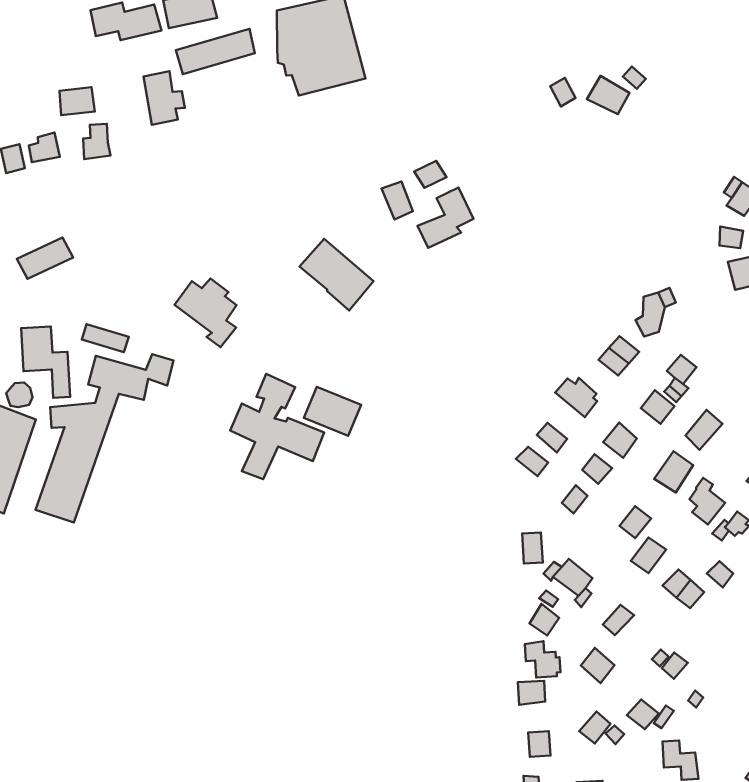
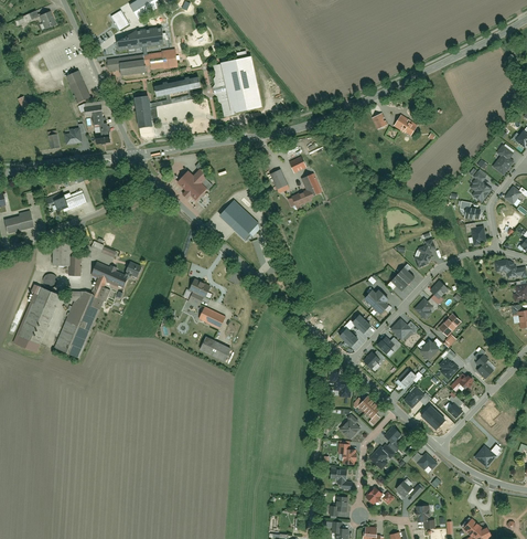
building: none -> [66,72,92,105]
building: [175,278,237,347] -> [176,169,213,210]
building: [304,387,361,436] -> [200,332,234,362]

